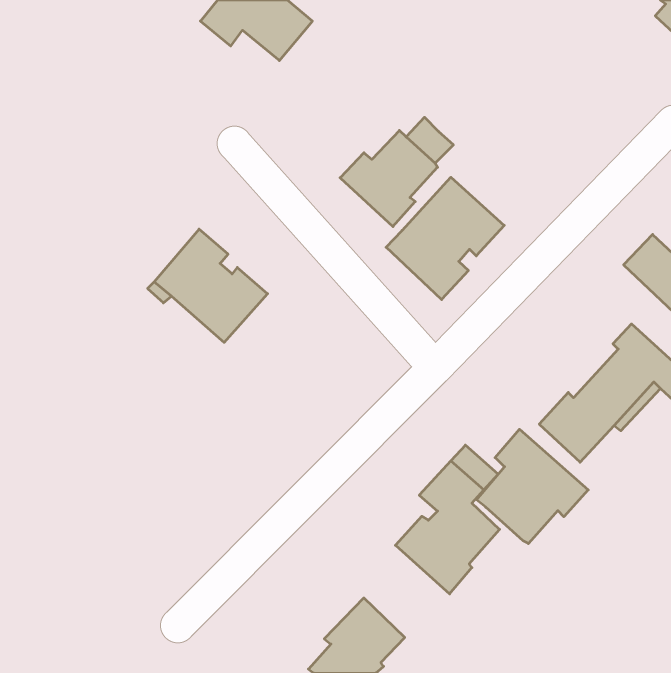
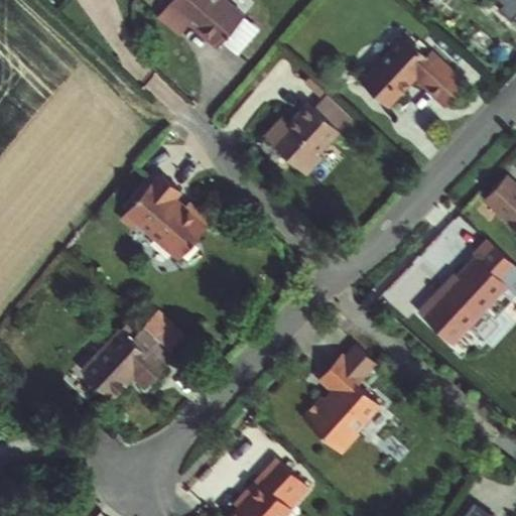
building: none -> [357,27,468,108]
building: [386,177,504,300] -> none
building: none -> [84,324,178,397]
building: [477,429,588,544] -> none

